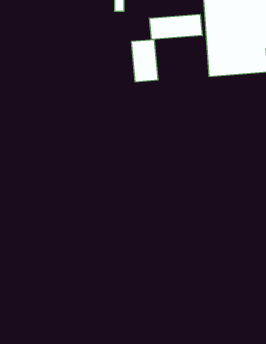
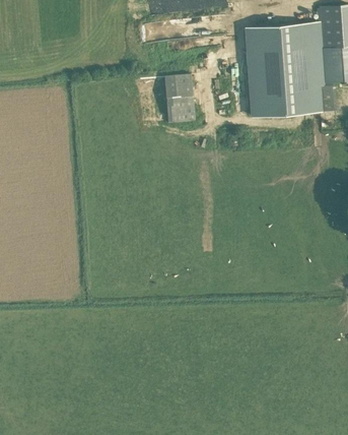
building: [149,14,202,40] -> none

